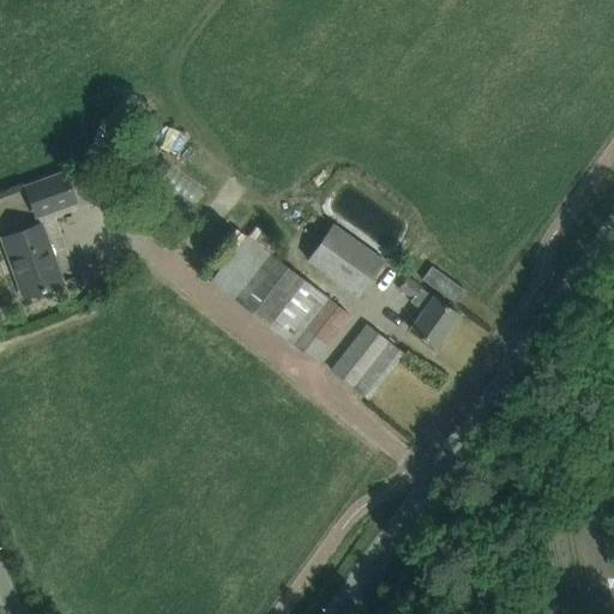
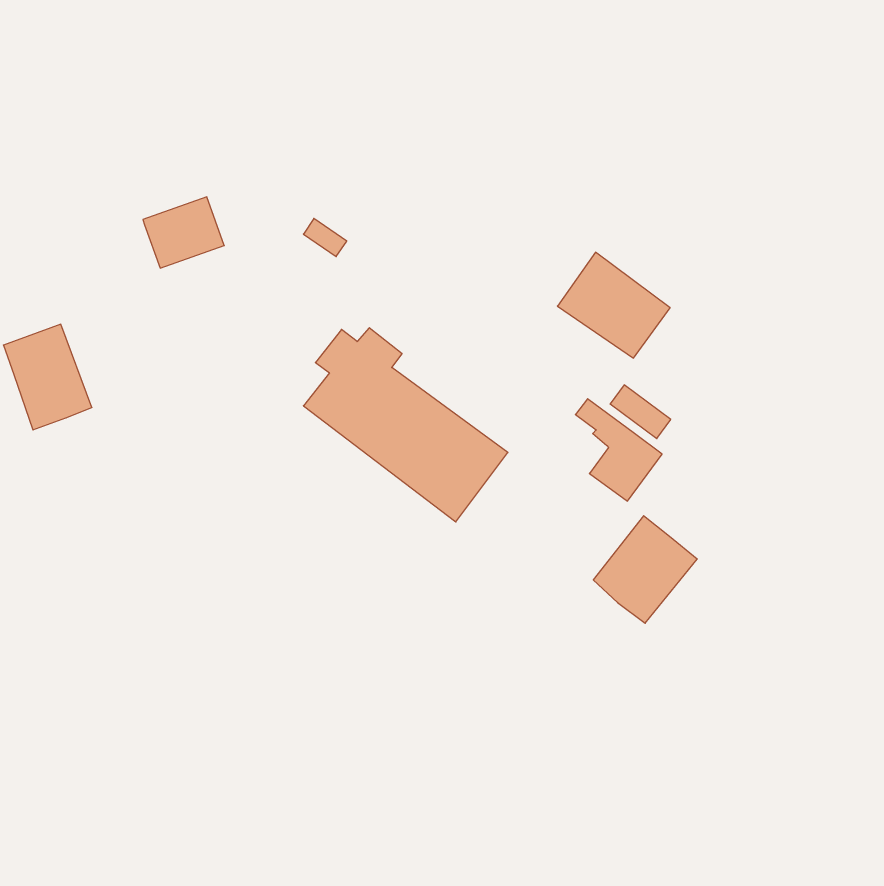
building: [23,169,79,218] -> [143,197,224,268]
building: [308,223,386,296] -> [557,252,670,358]
building: [332,324,404,398] -> [593,516,697,623]

